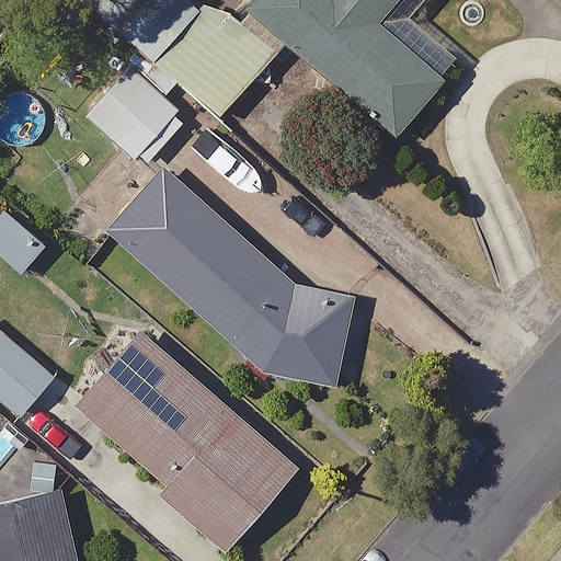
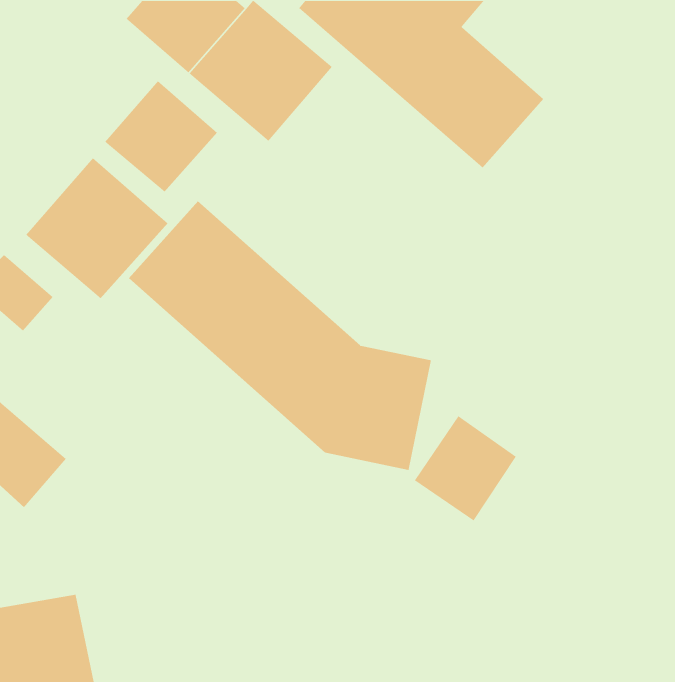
building: none -> [25,157,169,299]
building: [71,325,304,553] -> none
building: none -> [414,415,517,521]

